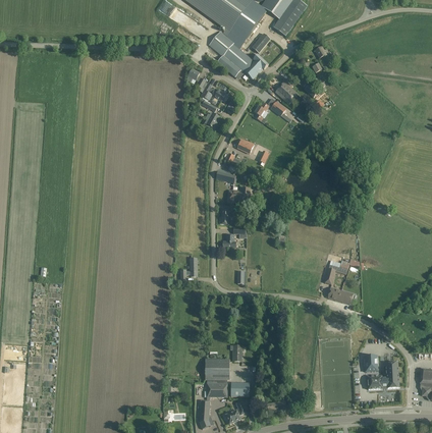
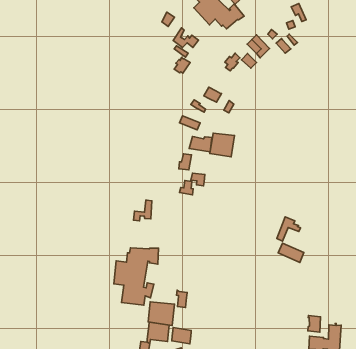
building: none -> [210,133,234,157]
building: none -> [114,248,158,305]

